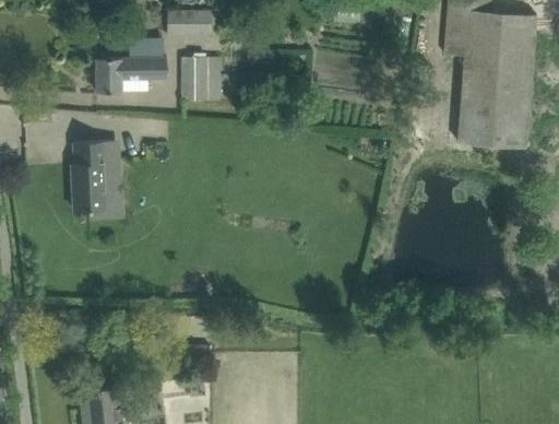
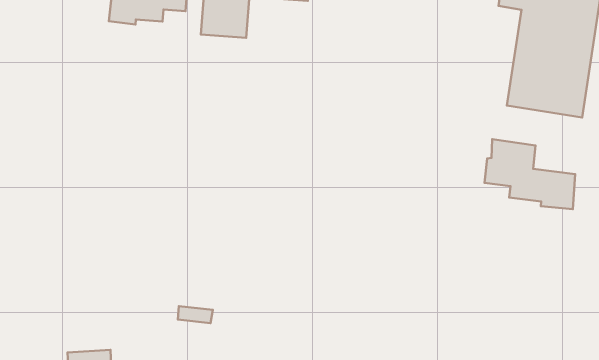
building: [58,140,114,211] -> none
building: none -> [484,139,575,209]

